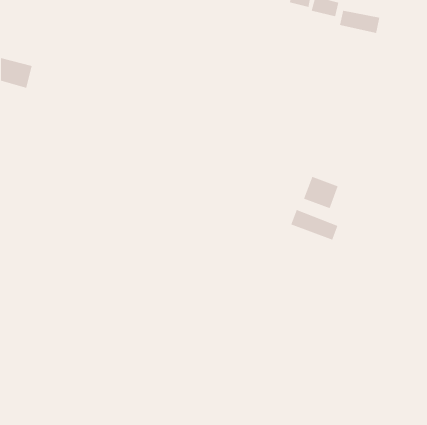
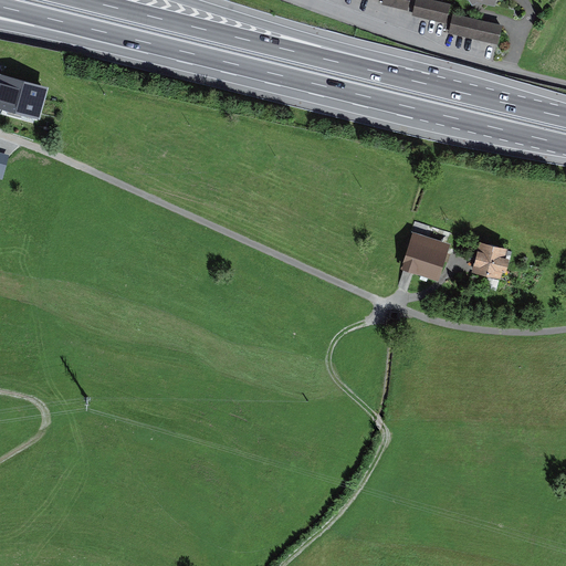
building: none -> [470,241,511,280]
building: [290,209,338,241] -> none

